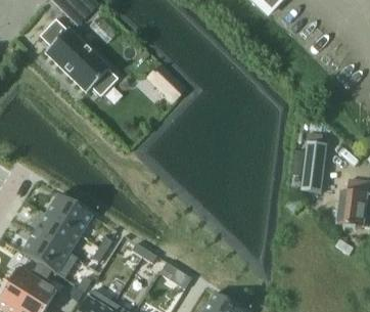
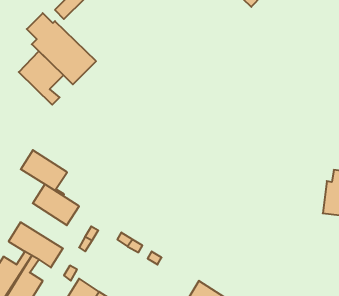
building: none -> [19,51,63,105]
building: [303,139,330,191] -> none
building: [33,212,80,258] -> [21,150,67,195]

